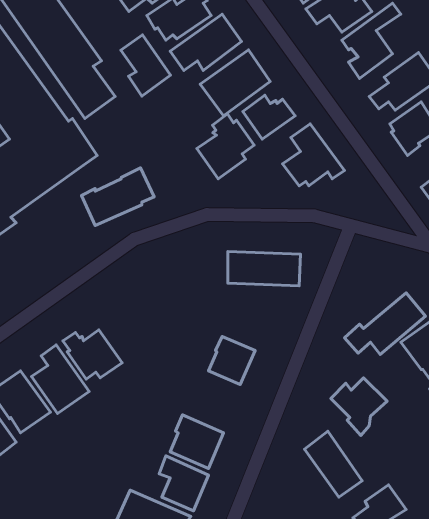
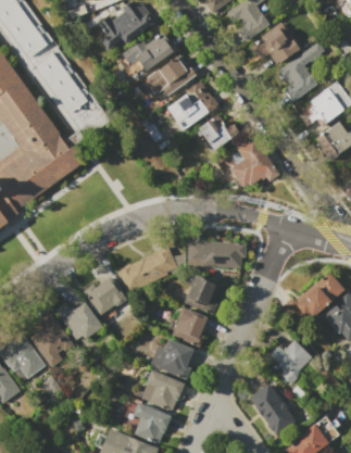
building: [121,35,171,96] -> none
building: [197,114,254,179] -> none
building: [81,168,154,226] -> [121,246,178,291]
building: none -> [186,274,222,313]
building: none -> [85,277,127,316]
building: none -> [151,338,195,378]

